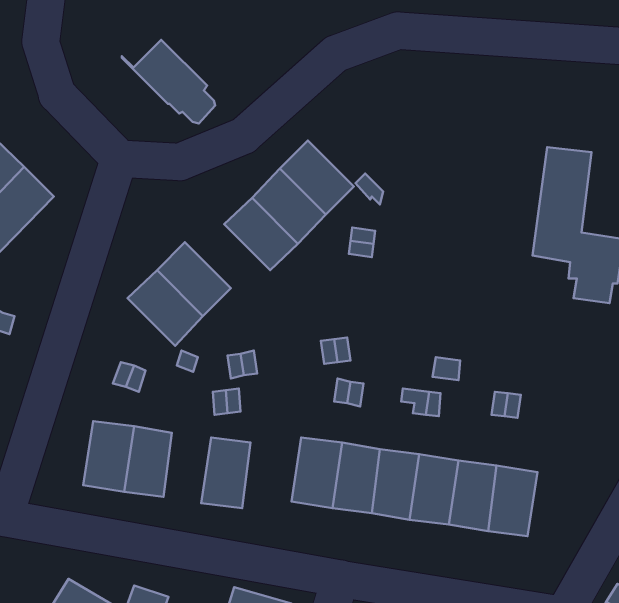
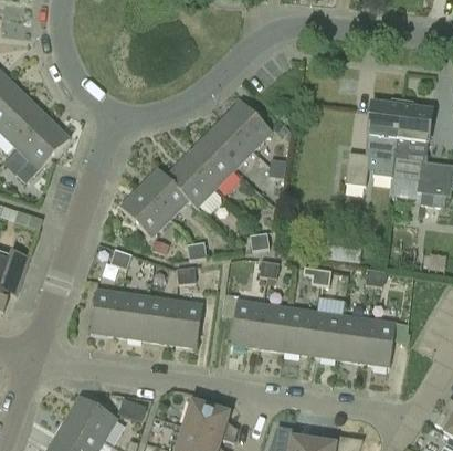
building: [122,40,215,123] -> [158,156,221,212]
building: none -> [345,99,402,186]
building: none -> [144,296,176,344]

